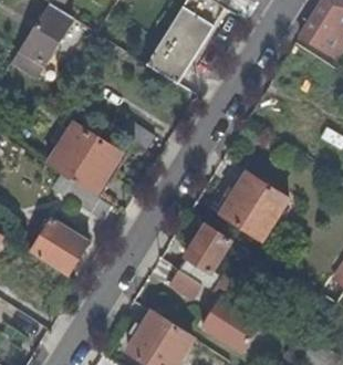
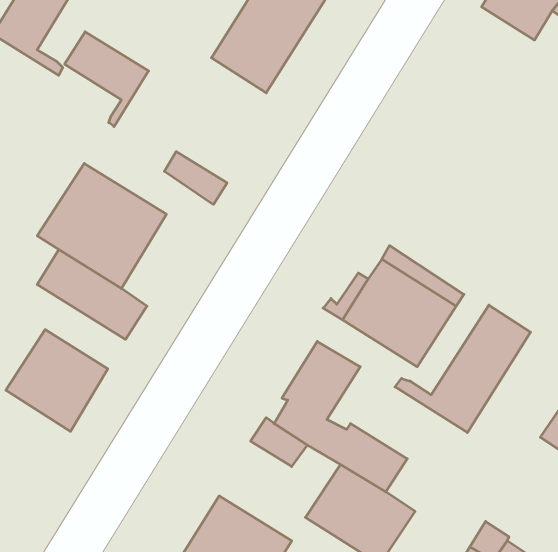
building: none -> [65,32,149,127]
building: none -> [395,305,531,433]

